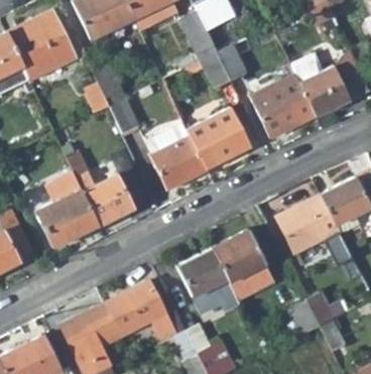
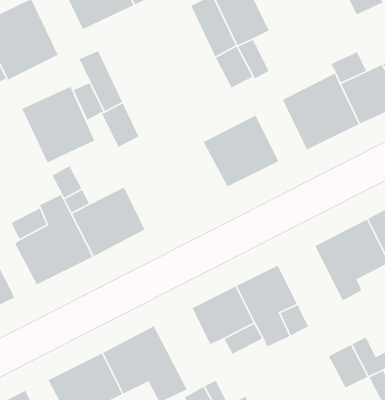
building: none -> [21,86,95,163]
building: [142,131,208,193] -> none

